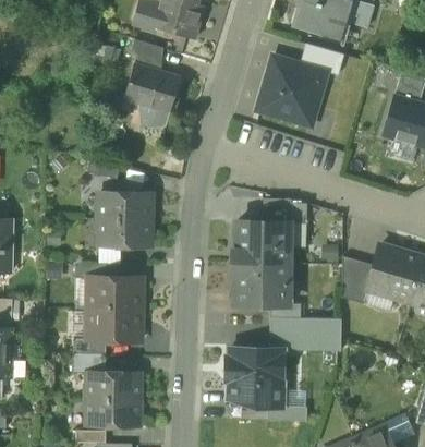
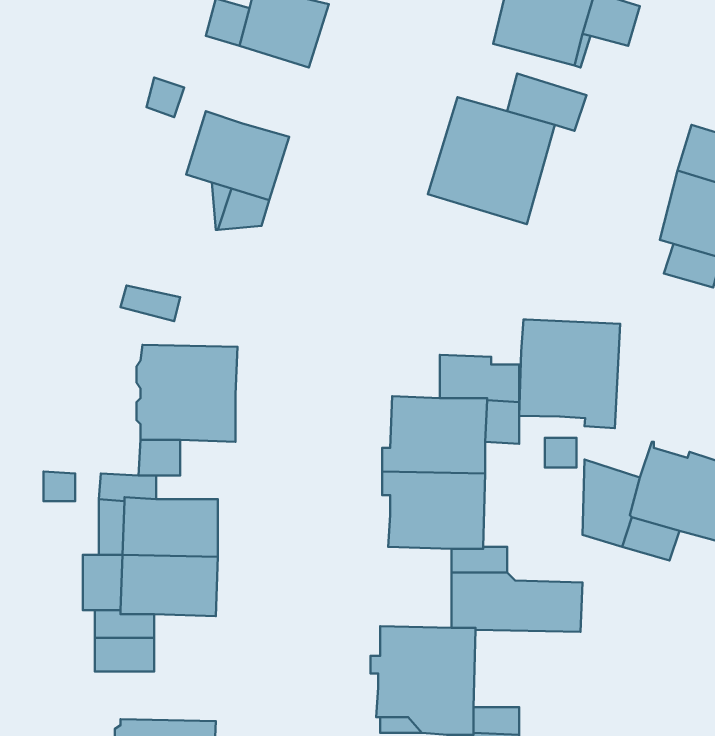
building: [131,38,162,70] -> none
building: none -> [519,319,620,428]
building: [85,372,141,399] -> none

